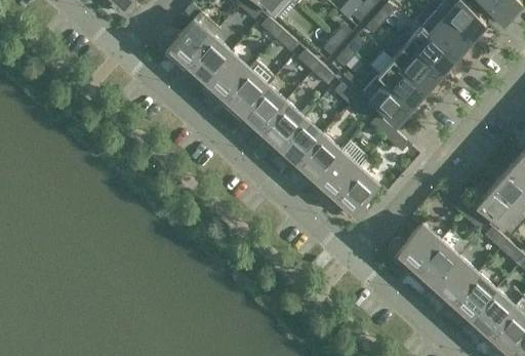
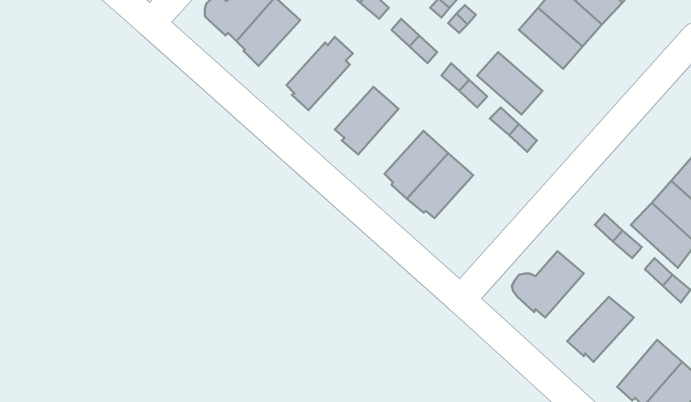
building: [201,51,250,100] -> none
building: [378,58,427,104] -> none
building: [238,84,286,132] -> none
building: [275,117,323,165] -> none
building: [331,166,379,220] -> none
building: [413,239,460,289] -> none
building: [449,272,496,323] -> none

